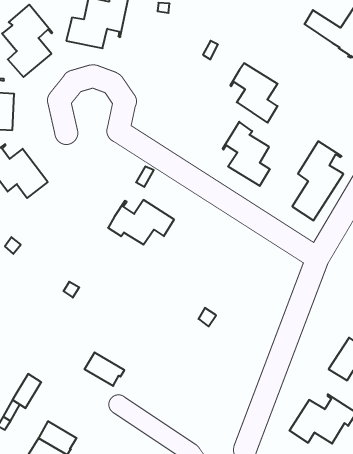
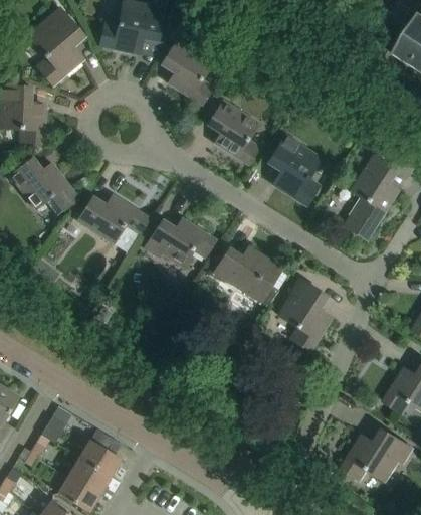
building: none -> [162,40,213,105]
building: [230,63,278,123] -> [208,101,259,165]
building: none -> [77,195,150,255]
building: none -> [214,246,282,306]
building: none -> [280,278,329,350]
building: [84,352,124,386] -> [79,440,123,476]

